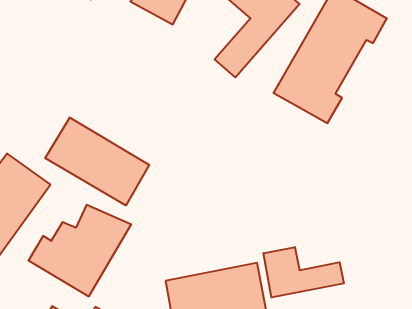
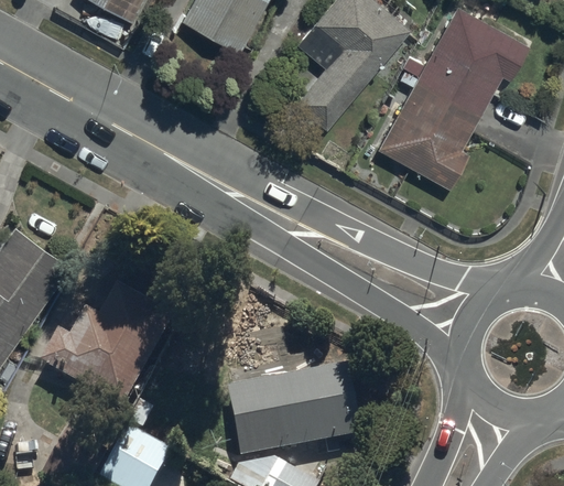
building: [45,117,149,205] -> none
building: [264,247,344,297] -> none

